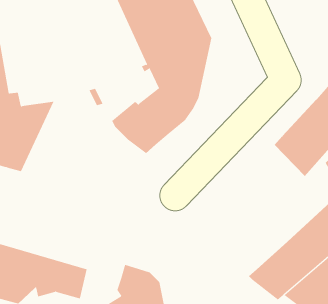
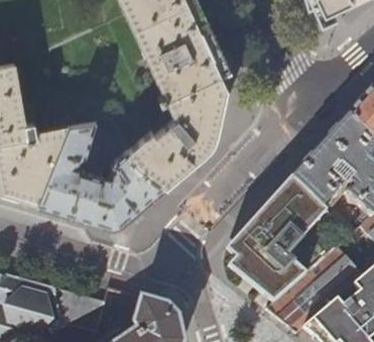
building: none -> [37,124,163,228]
building: none -> [232,179,326,305]

